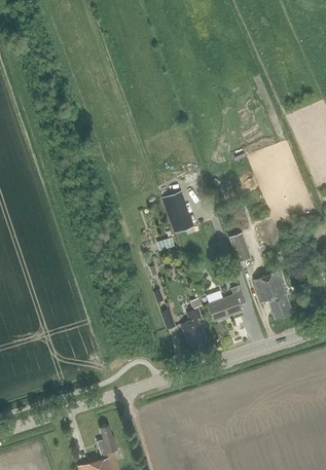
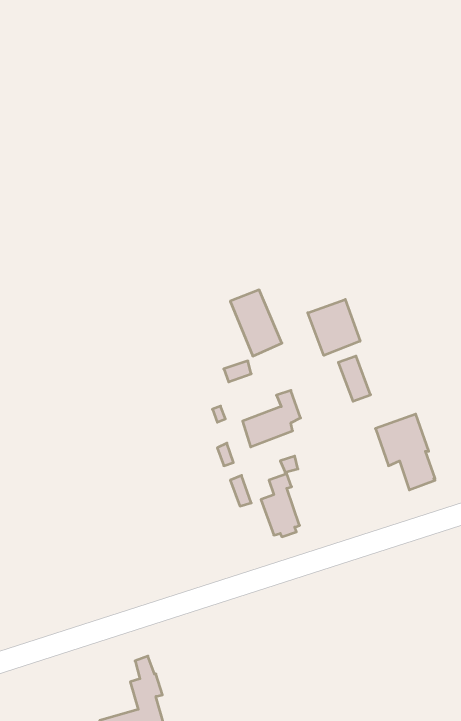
building: none -> [308,299,360,355]
building: [209,285,246,321] -> [243,390,301,447]

